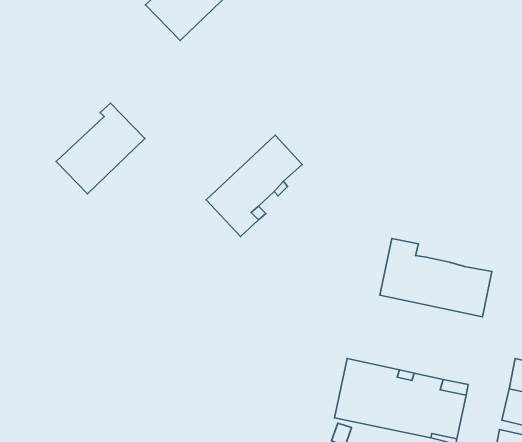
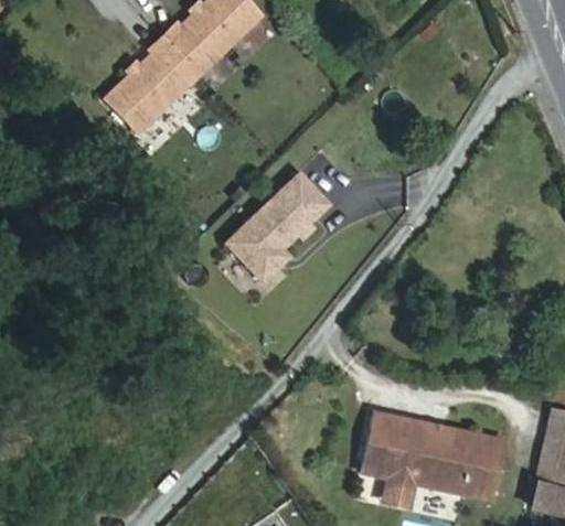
building: [56,103,145,194] -> [105,36,199,132]
building: [380,238,492,317] -> none

